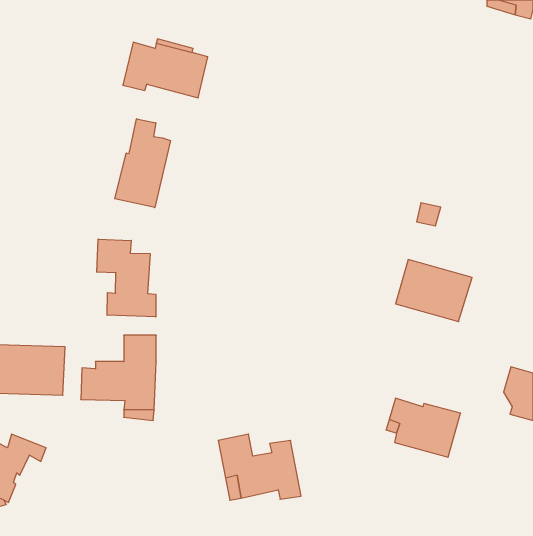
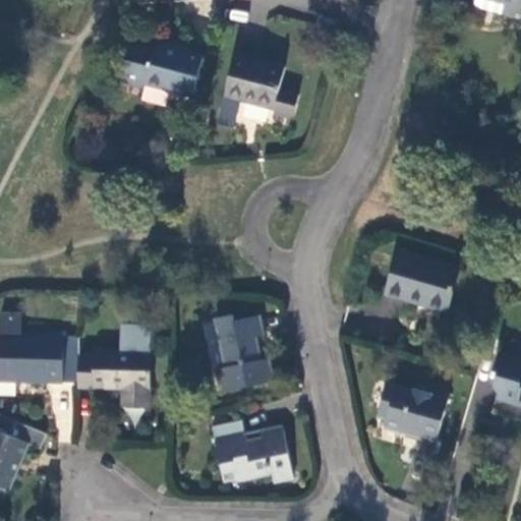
building: none -> [221,56,298,122]
building: [115,119,171,208] -> none
building: [97,239,156,317] -> none
building: none -> [214,315,273,393]

